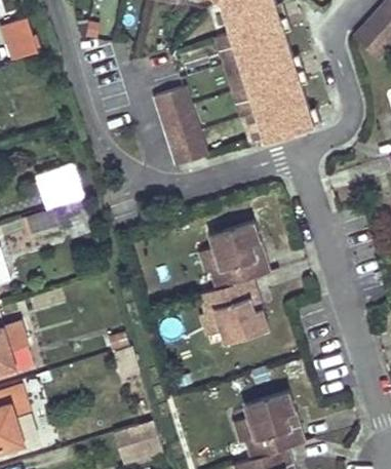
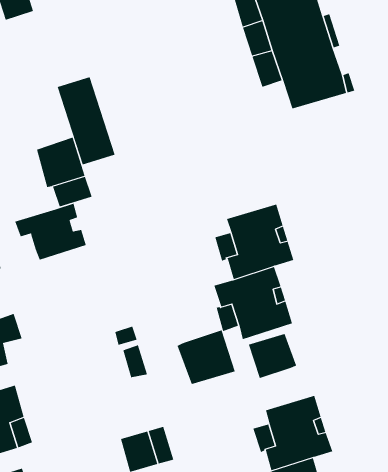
building: [154,87,206,166] -> [57,76,116,165]
building: none -> [15,203,87,261]
building: none -> [177,330,235,385]
building: none -> [248,333,297,379]

